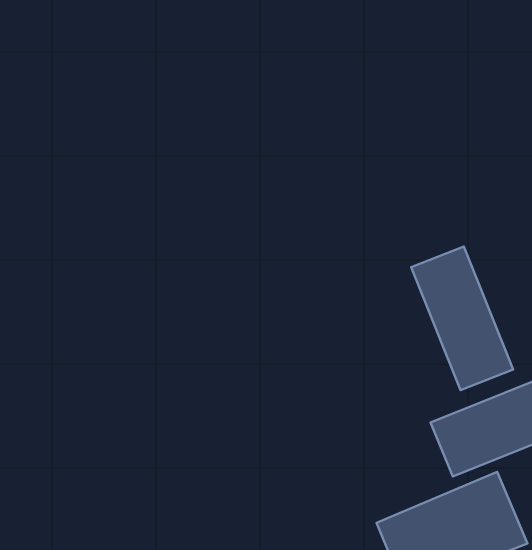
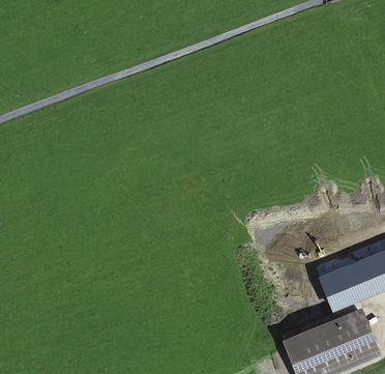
building: [411,247,513,390] -> none

